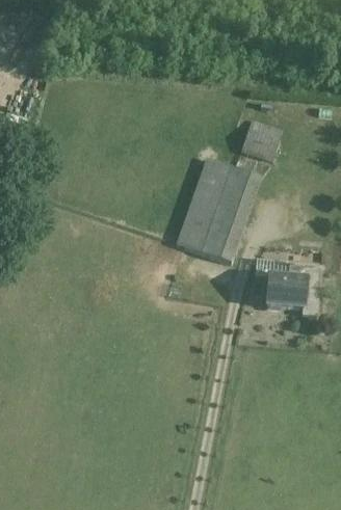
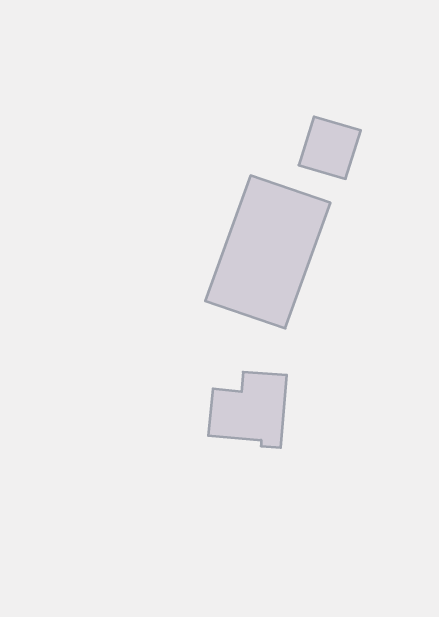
building: [266,262,320,314] -> [208,372,287,448]

